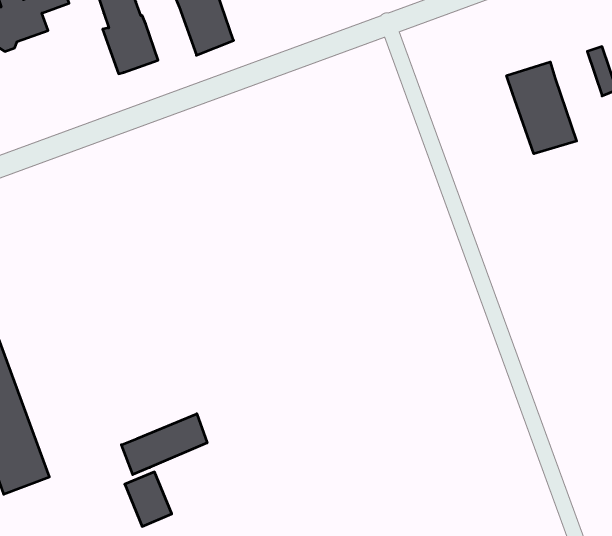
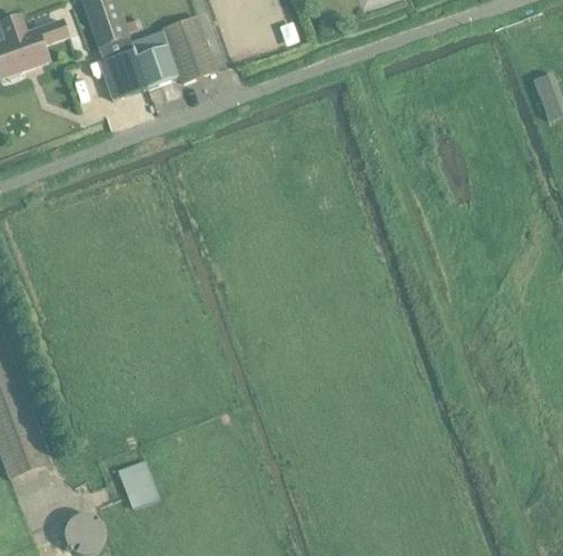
building: none -> [135,43,175,86]
building: [507,62,577,154] -> none
building: [121,414,207,475] -> none

